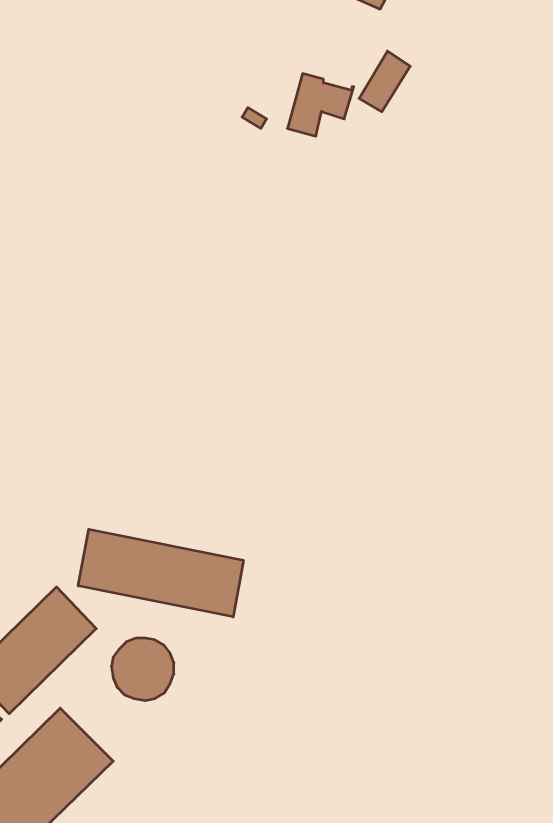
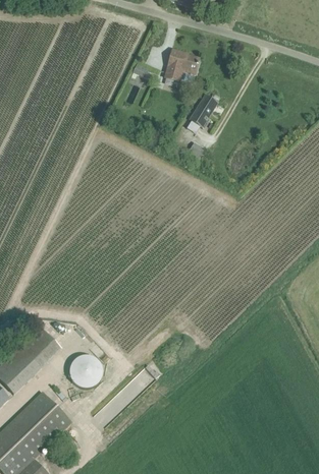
building: [359,51,410,112] -> [190,94,217,126]
building: [78,529,243,617] -> none

